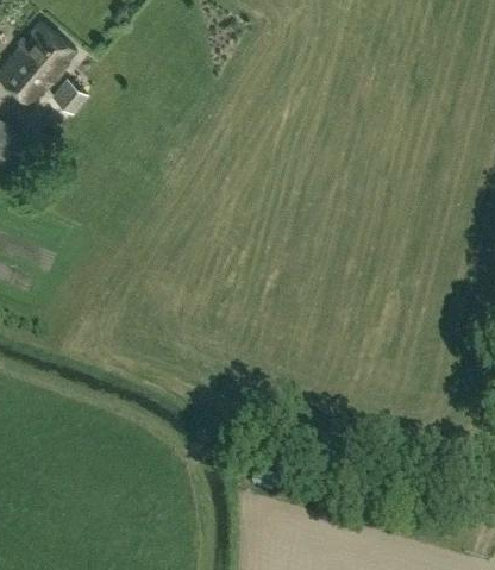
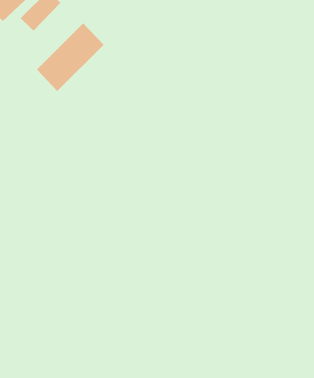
building: none -> [36,23,104,92]

